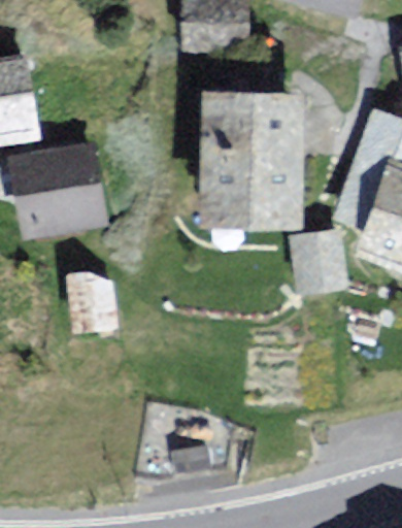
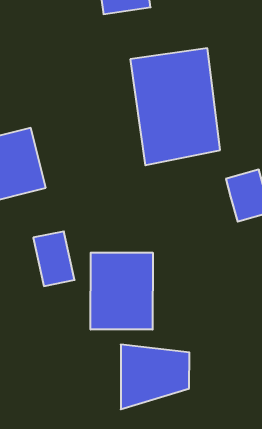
building: none -> [91,253,153,330]

